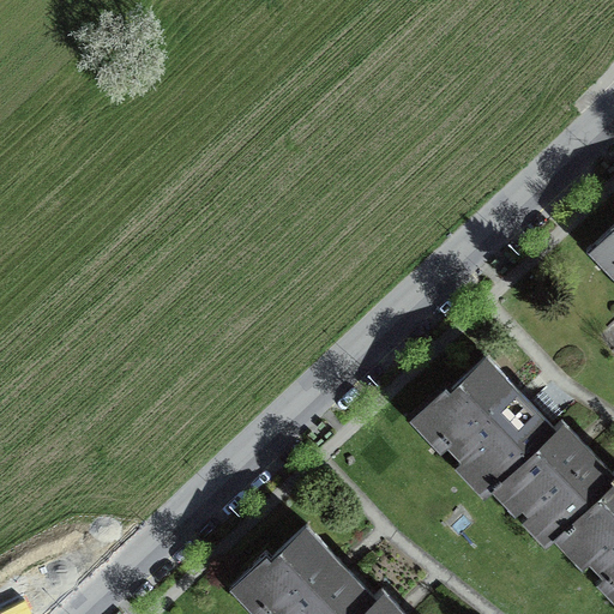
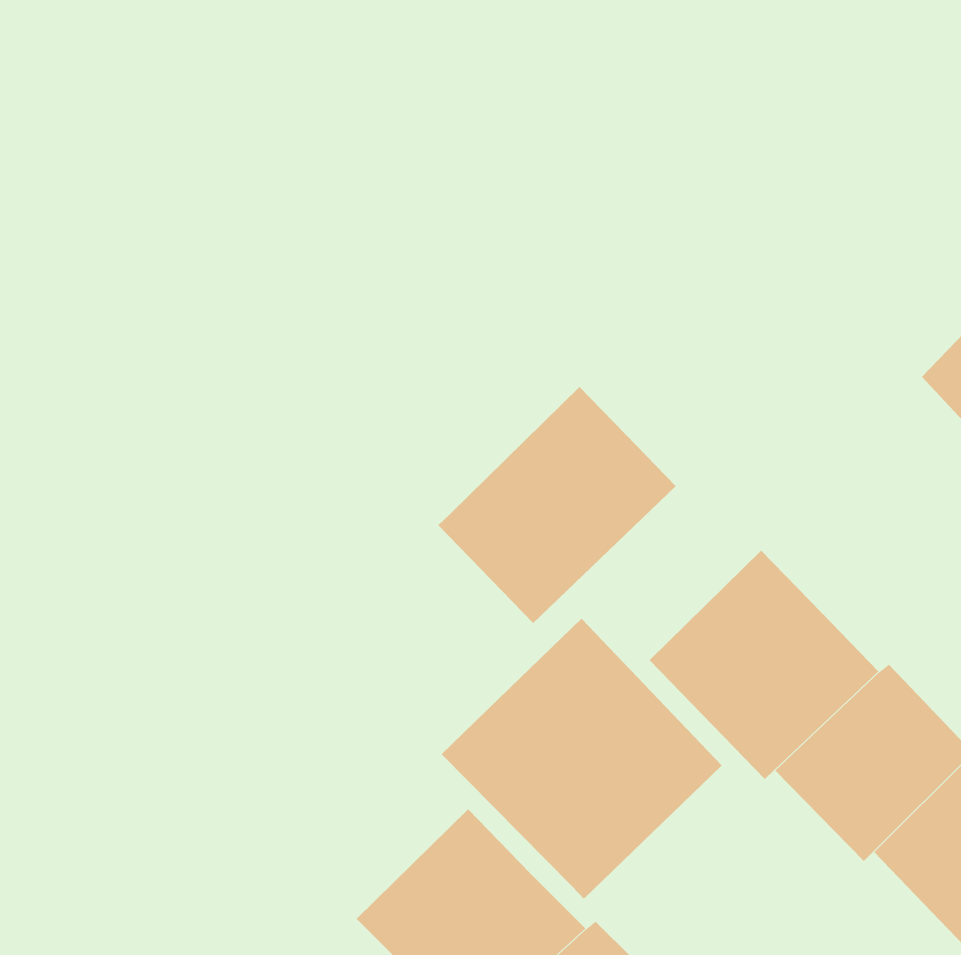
building: none -> [438,386,676,624]
building: none -> [441,618,723,900]

